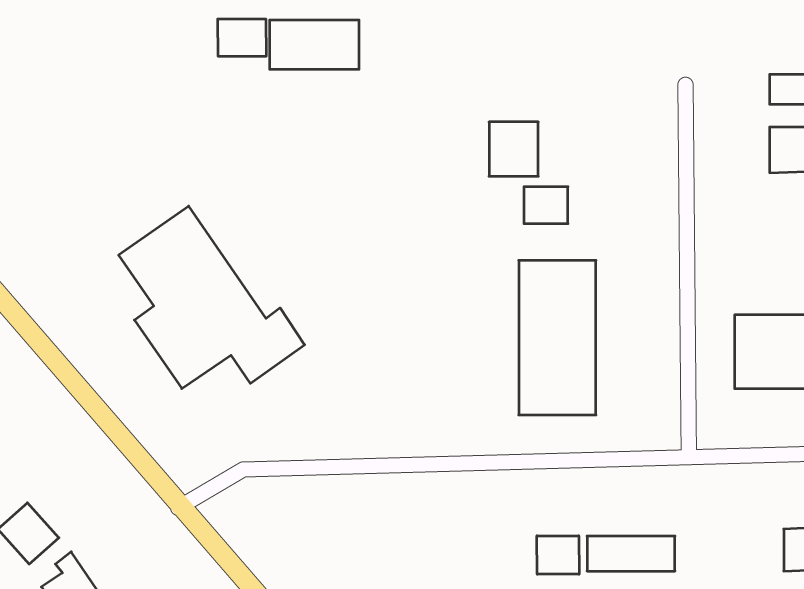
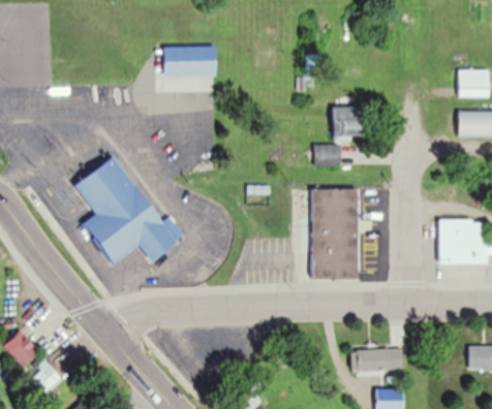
building: [218,19,266,56] -> none
building: [489,122,538,176] -> [334,106,363,138]
building: [537,536,579,574] -> none

